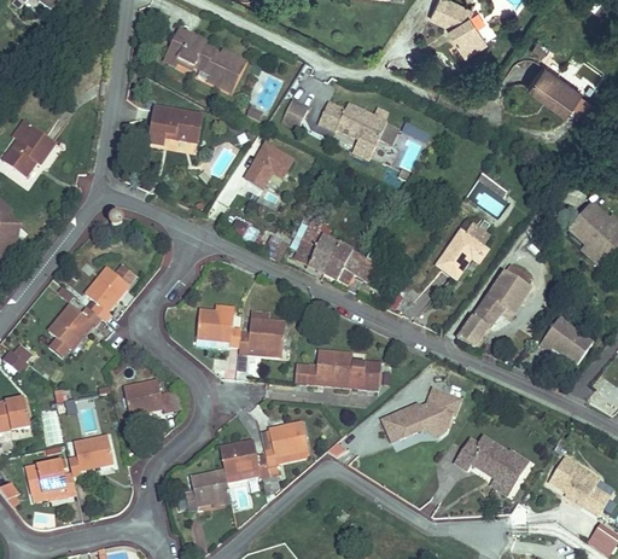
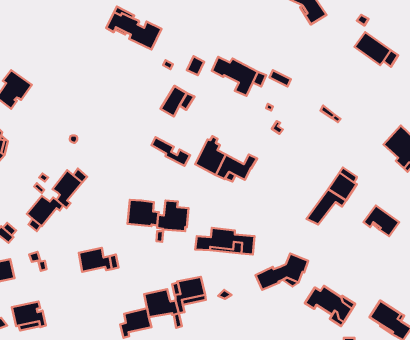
building: [147,107,202,144] -> none
building: [436,219,489,278] -> none
building: [68,435,112,476] -> none

